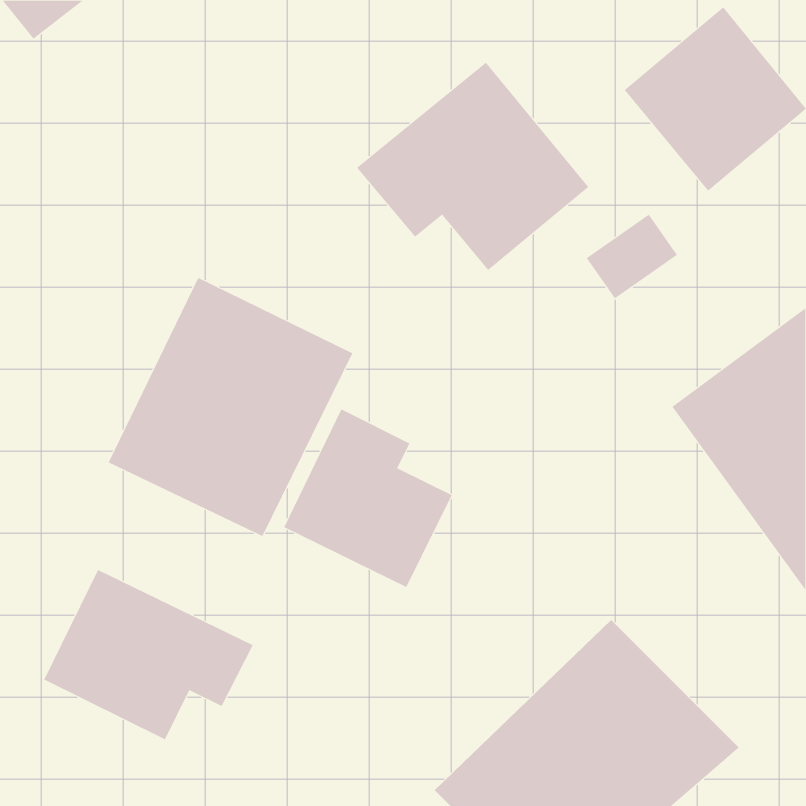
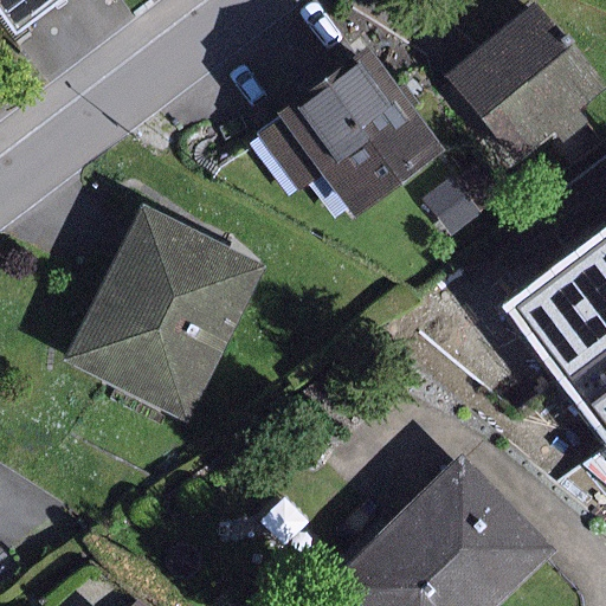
building: [283,409,453,588] -> none
building: [43,569,253,740] -> none

